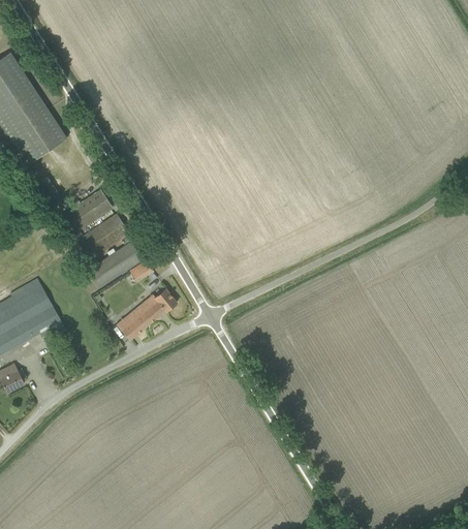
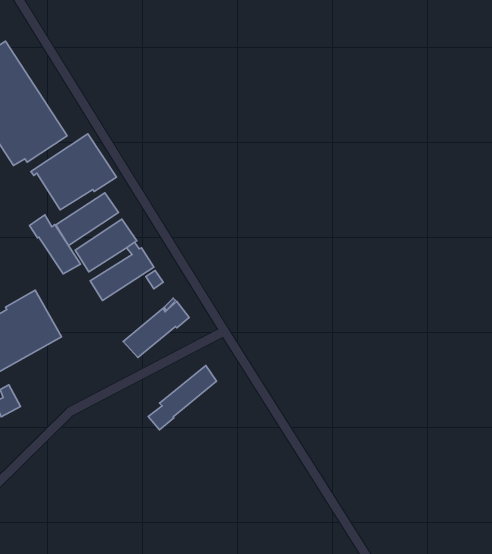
building: none -> [31,134,116,210]
building: none -> [29,215,80,274]
building: none -> [148,366,217,430]

